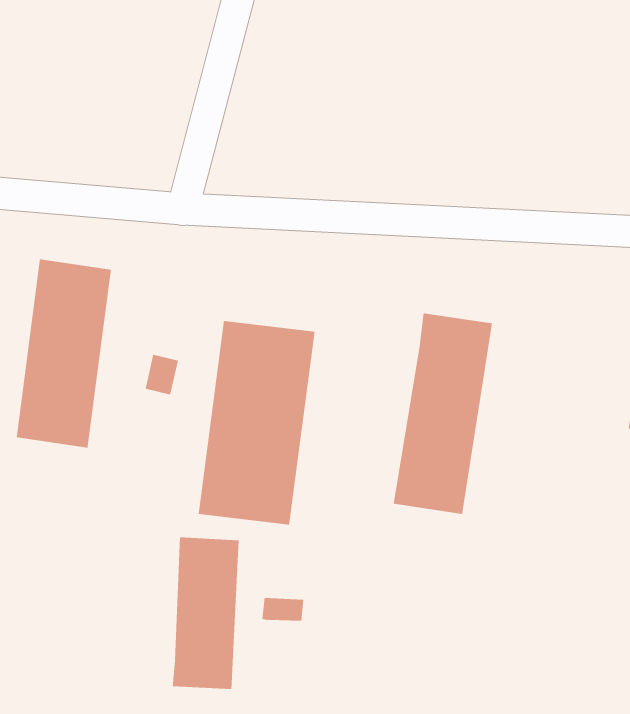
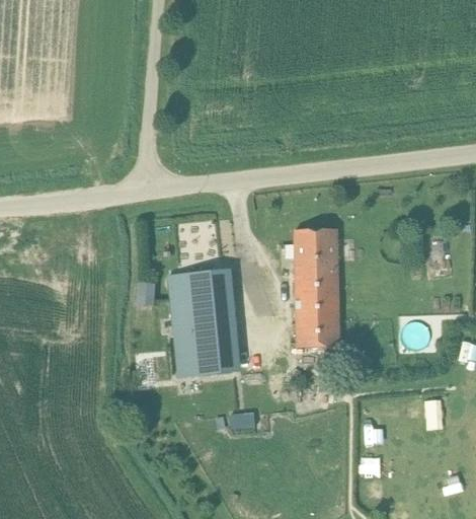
building: [16,259,111,448] -> none
building: [172,537,239,690] -> none

